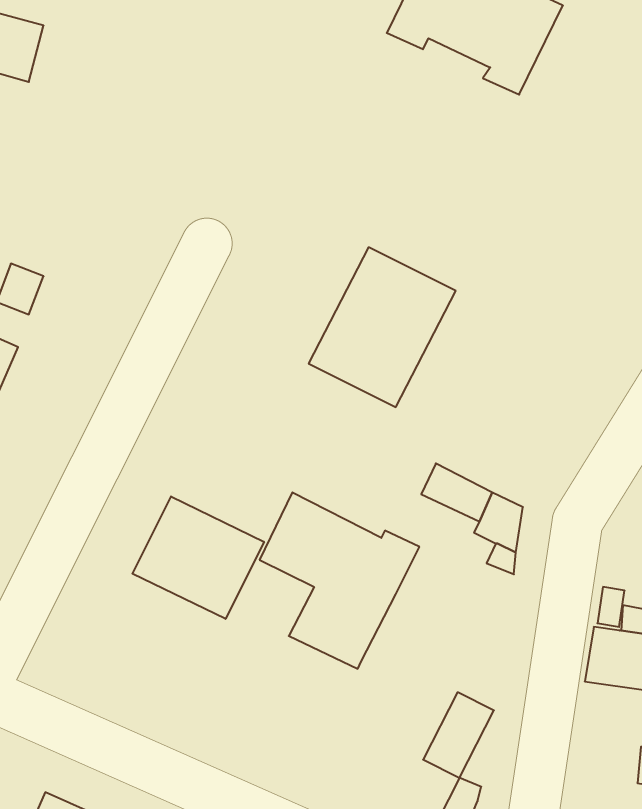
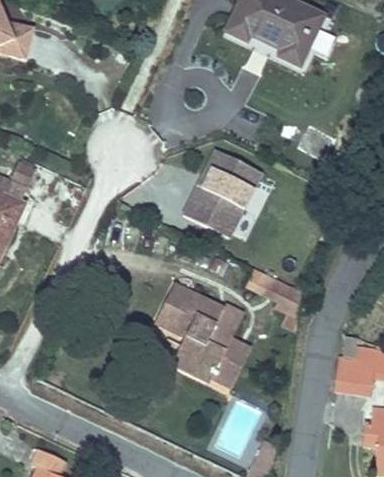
building: [132,496,264,619] -> none
building: [423,692,494,778] -> [212,340,251,387]

